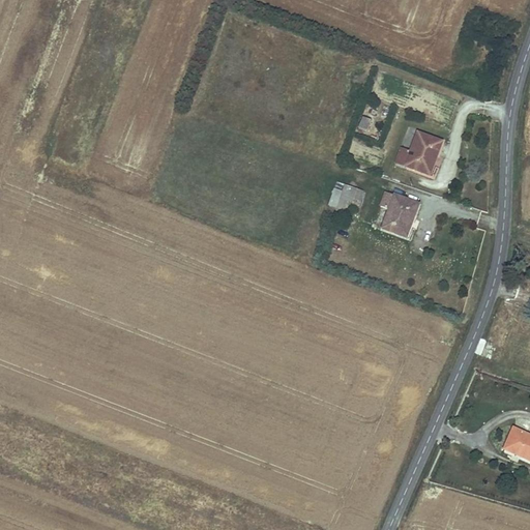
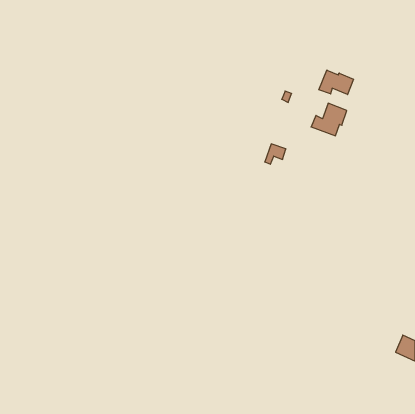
building: none -> [319,70,354,95]
building: [381,190,419,235] -> none

